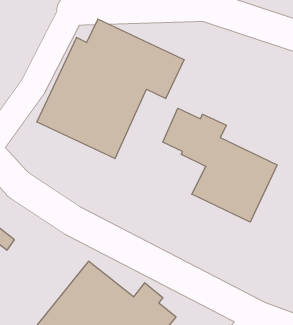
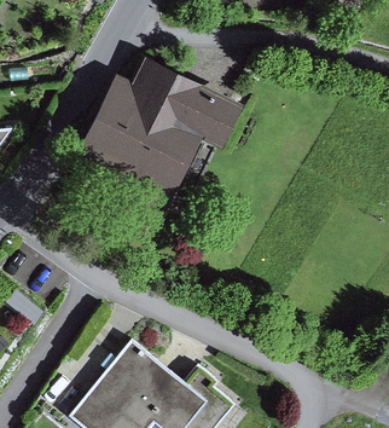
building: [163,108,277,222] -> none

